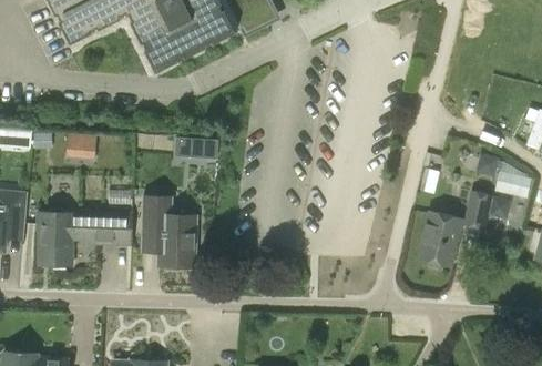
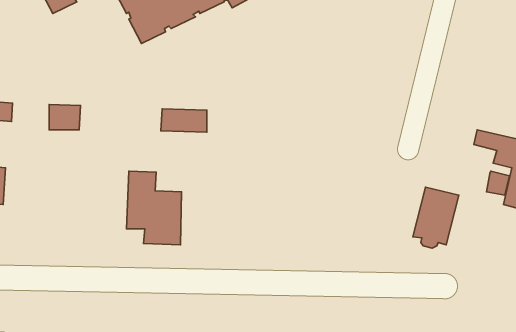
building: [464,192,490,230] -> none
building: [80,212,132,245] -> none
building: [38,214,71,266] -> none

